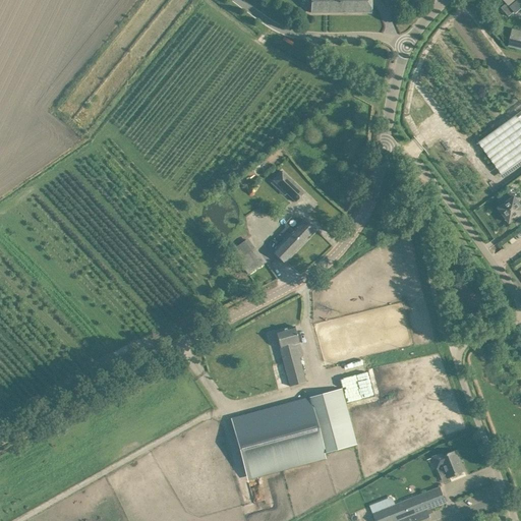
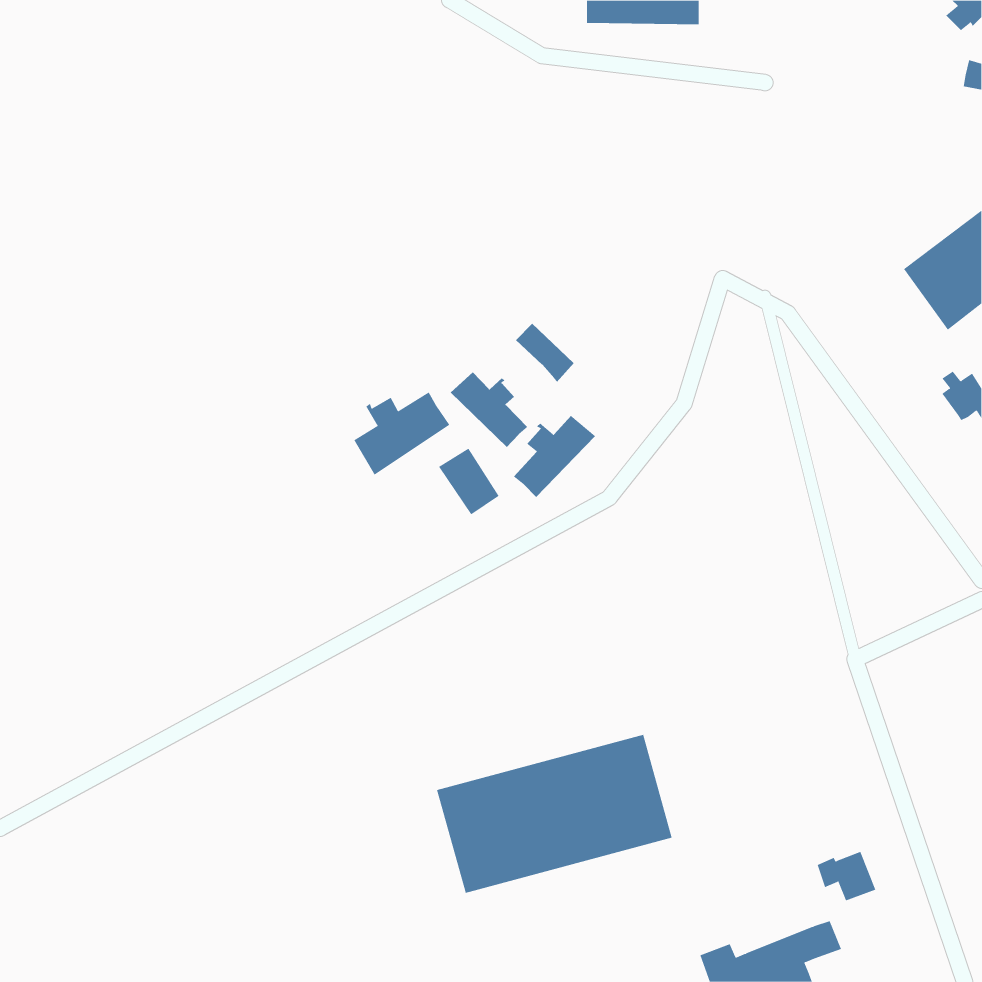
building: none -> [450,372,528,448]
building: none -> [353,391,450,476]
building: [276,327,305,386] -> none

